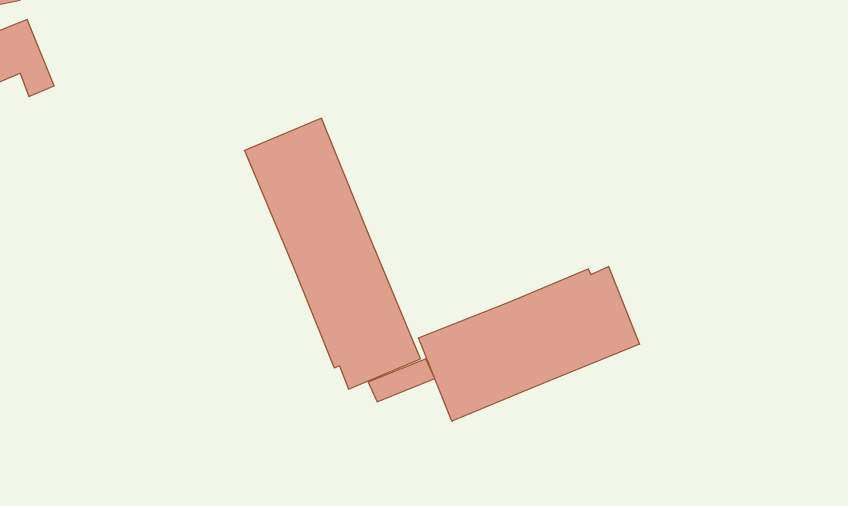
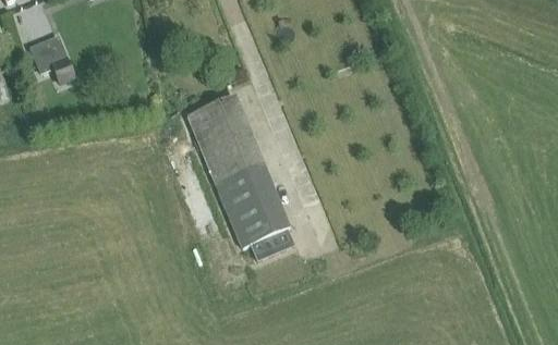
building: [418,266,640,421] -> none

